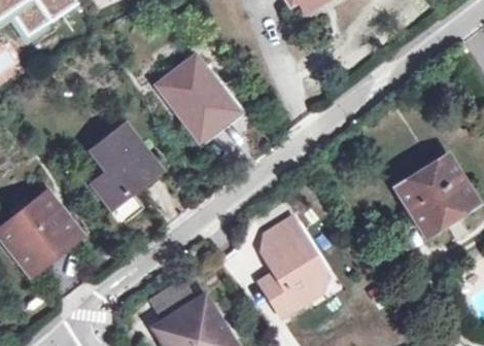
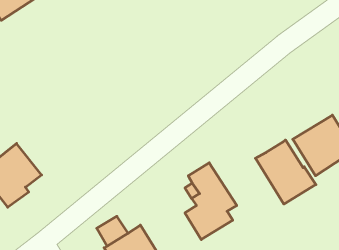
building: [158,58,235,141] -> none
building: [94,129,159,209] -> none
building: none -> [255,140,316,204]

